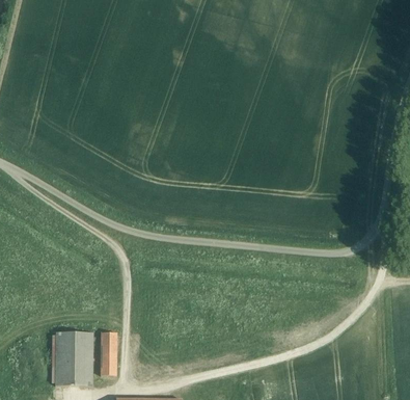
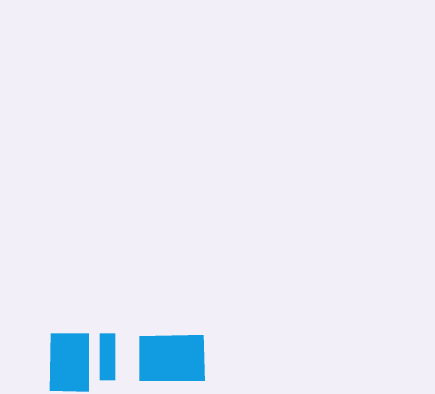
building: none -> [139,334,206,382]

